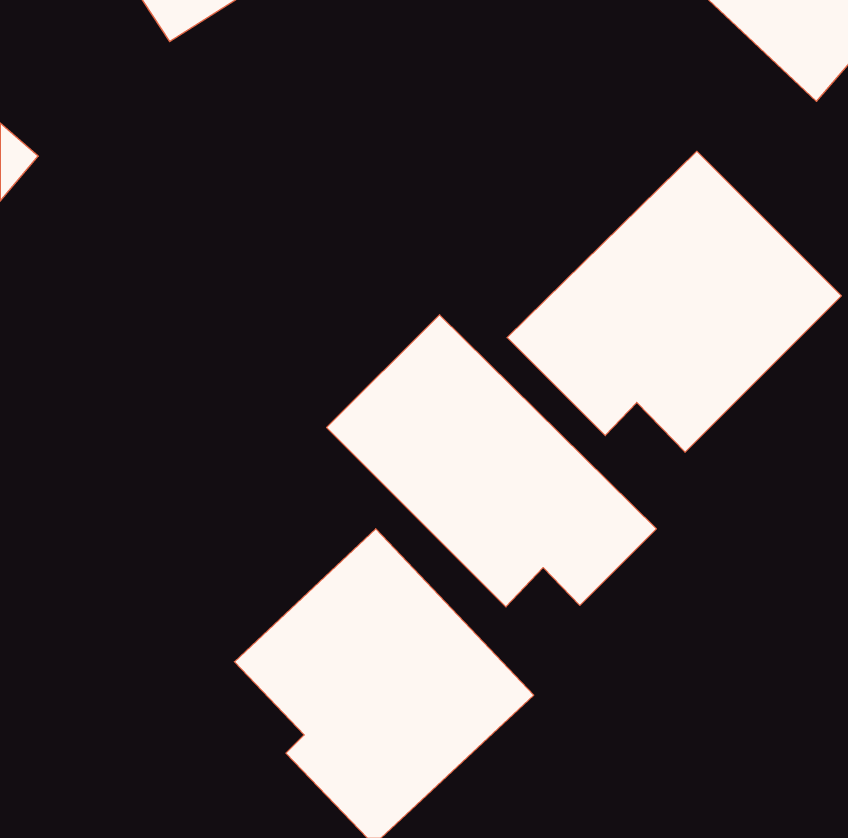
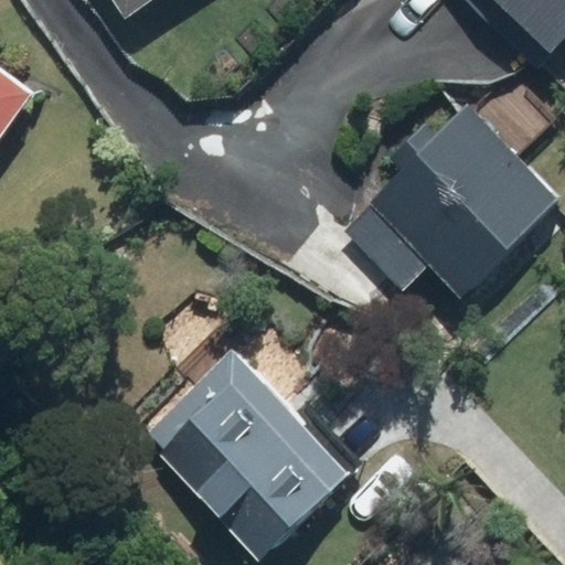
building: [327,315,656,607] -> none

